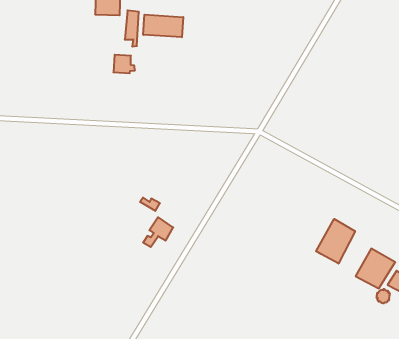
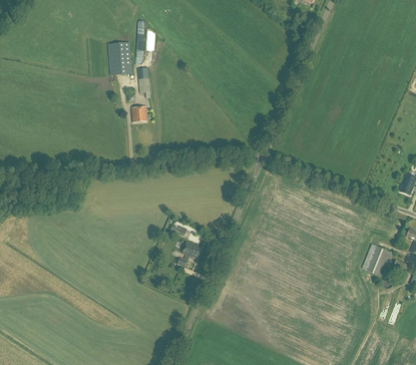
building: [143,15,183,37] -> none
building: [316,219,355,264] -> none

